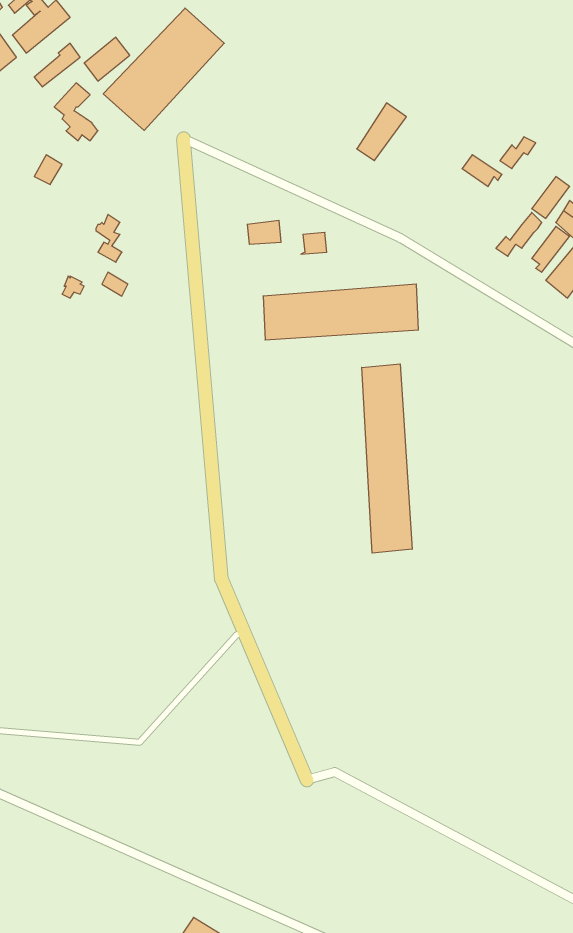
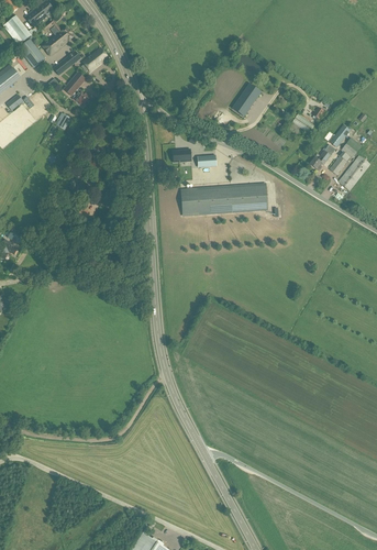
building: [103,8,224,130] -> none
building: [362,364,412,553] -> none

